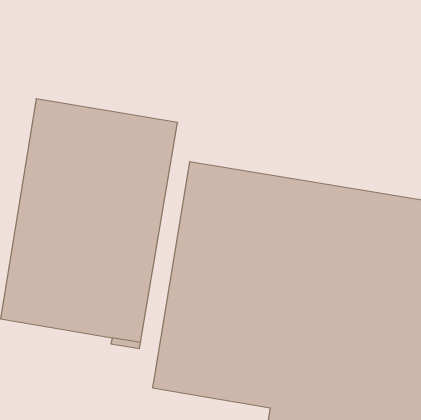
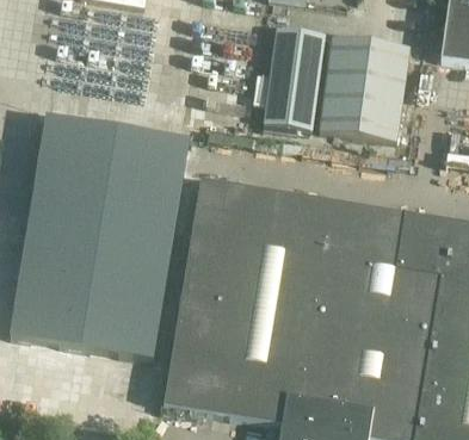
building: none -> [261,26,326,129]
building: none -> [320,35,409,140]

